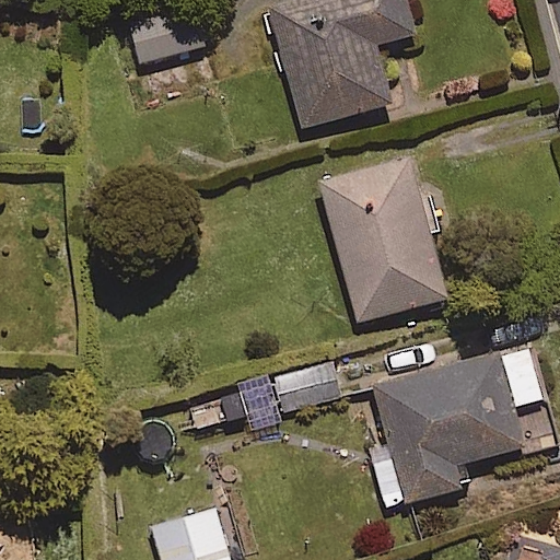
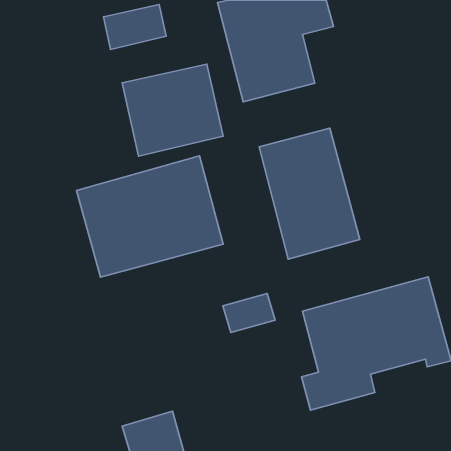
building: none -> [122,64,223,156]
building: none -> [76,156,223,277]

